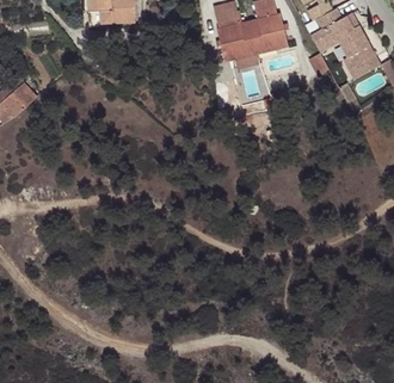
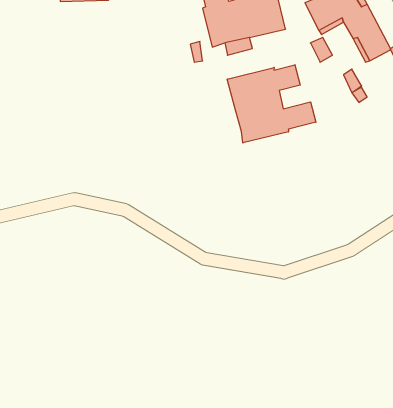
building: none -> [227,65,316,143]

